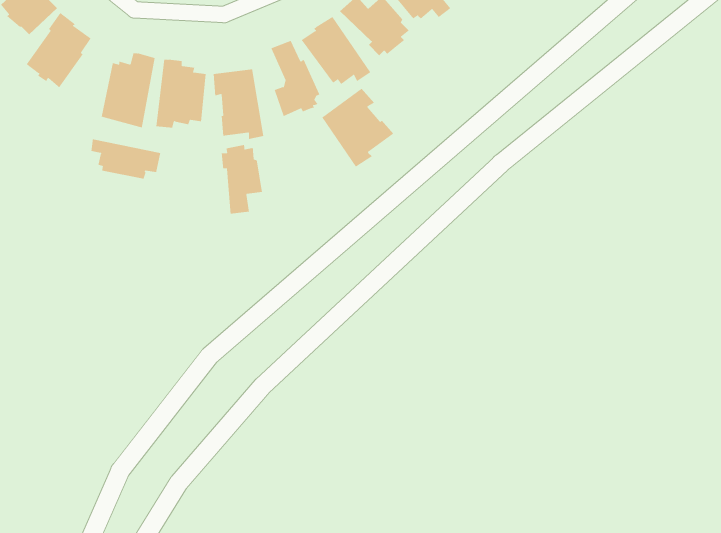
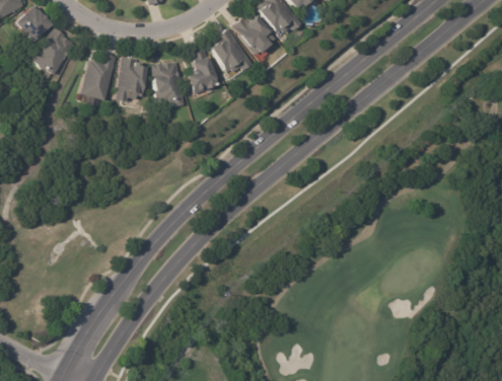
building: [321,88,394,168] -> none
building: [91,139,161,180] -> none
building: [221,144,262,215] -> none

